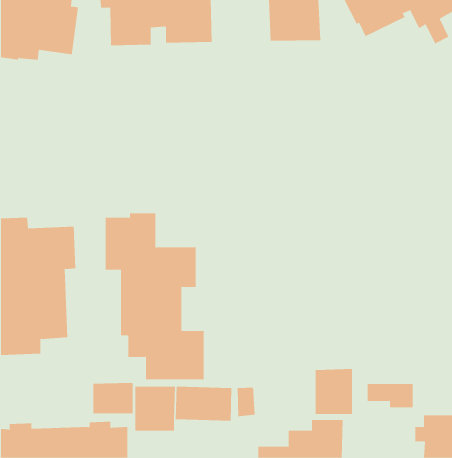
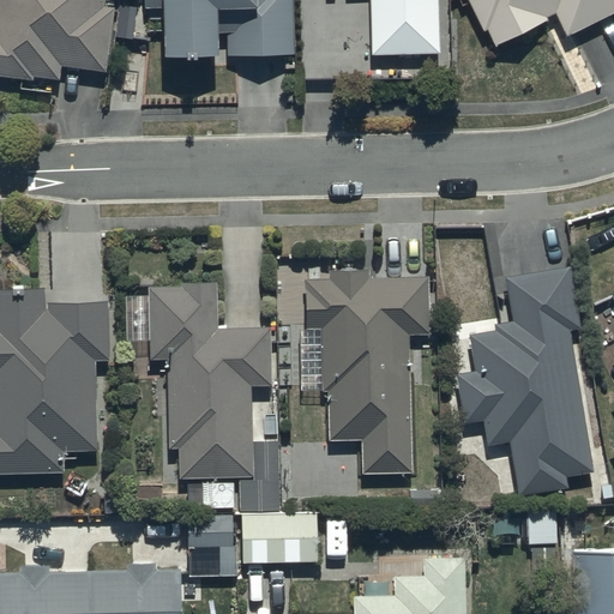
building: none -> [457,266,590,495]
building: none -> [297,272,429,472]
building: [315,368,353,415] -> none
building: [93,382,133,414] -> none

